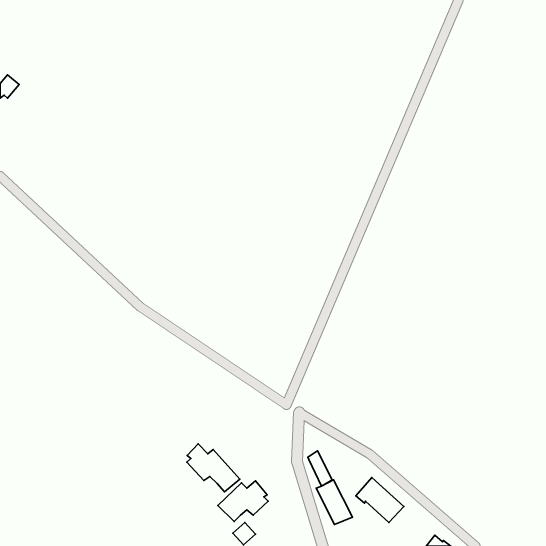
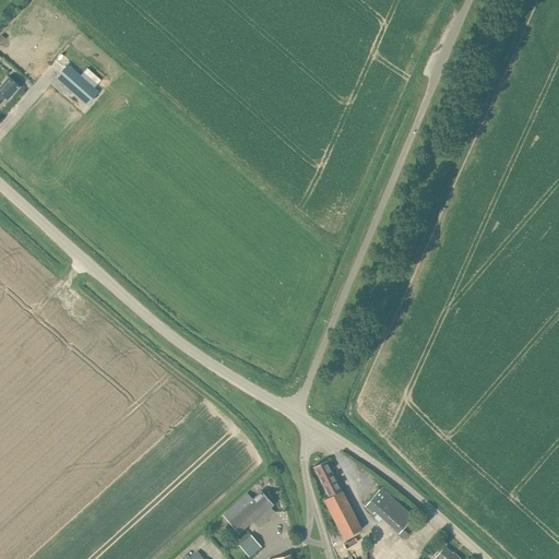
building: none -> [57,66,98,105]
building: [187,444,240,492] -> none

